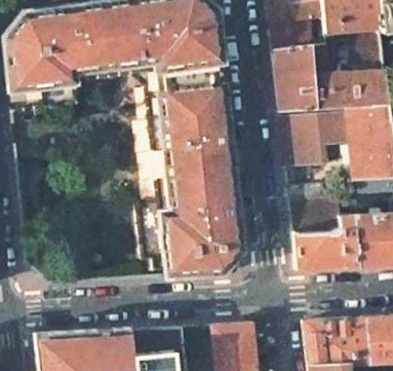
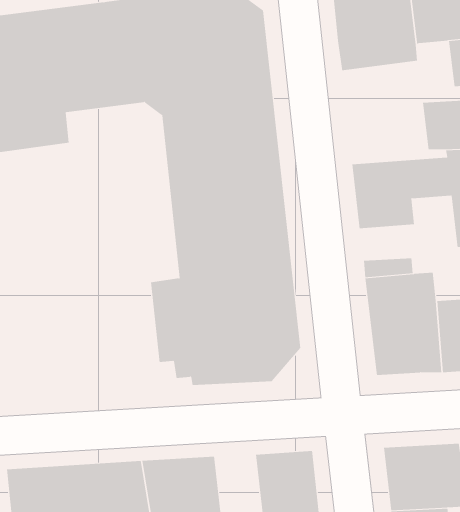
building: [273,45,335,112] -> none

